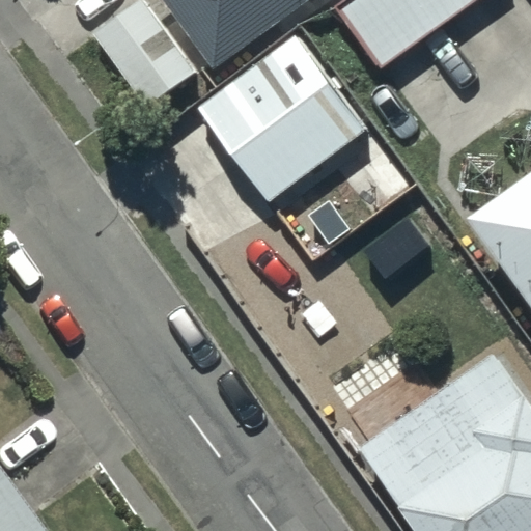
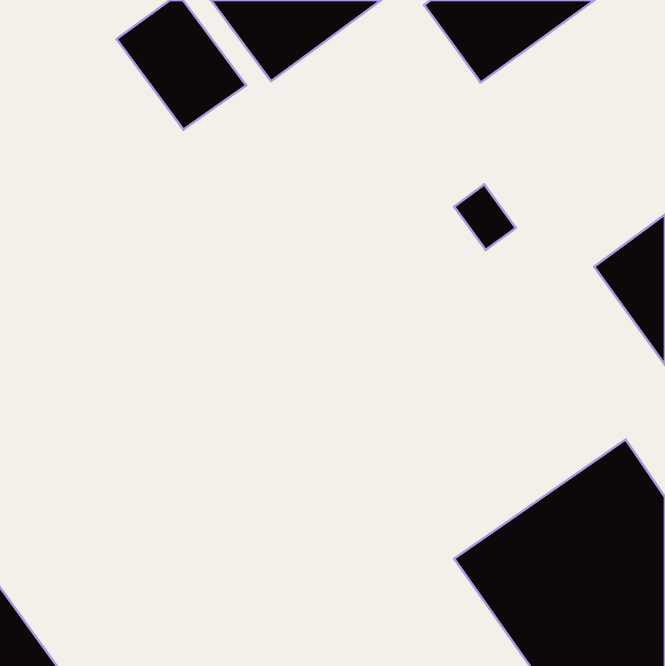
building: [200,34,366,199] -> none

